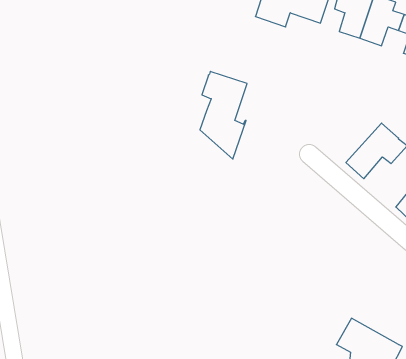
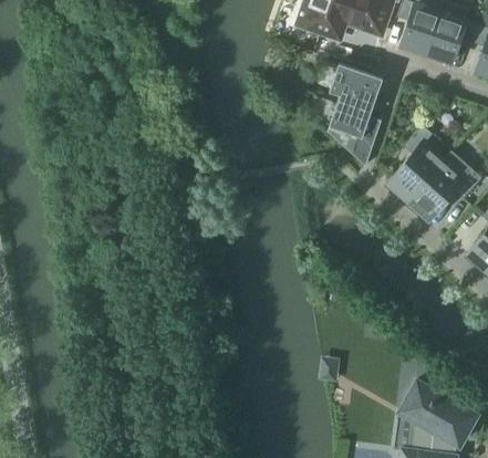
building: [200,71,247,159] -> [328,64,383,167]
building: none -> [390,126,453,199]

